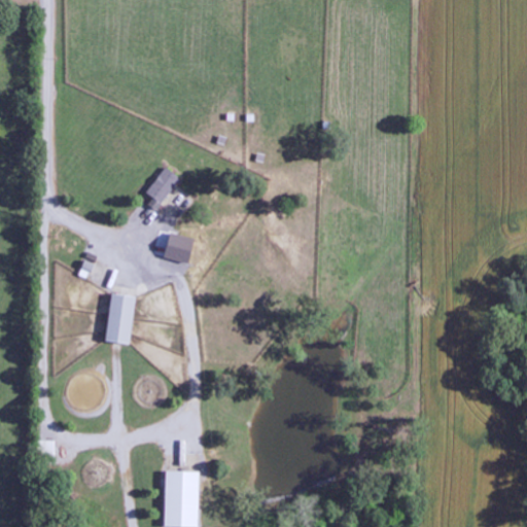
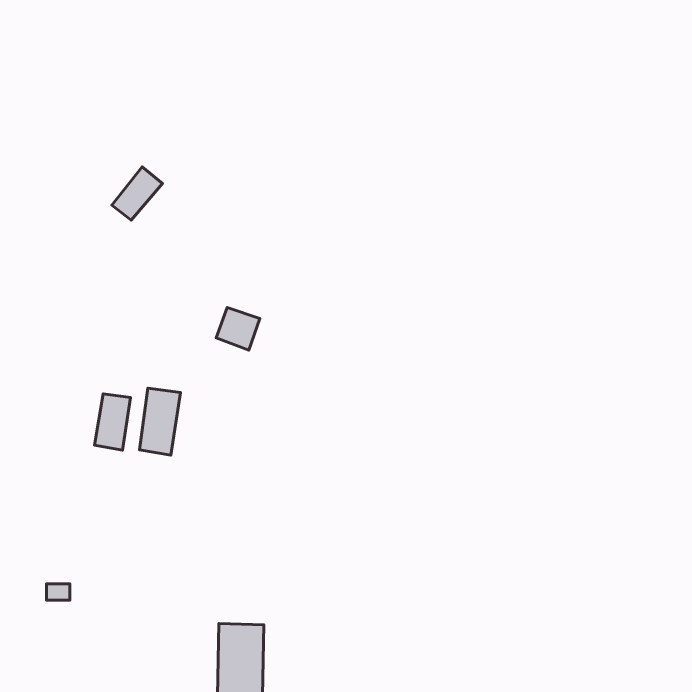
building: [141,168,179,208] -> [112,167,163,220]
building: none -> [94,394,131,450]

